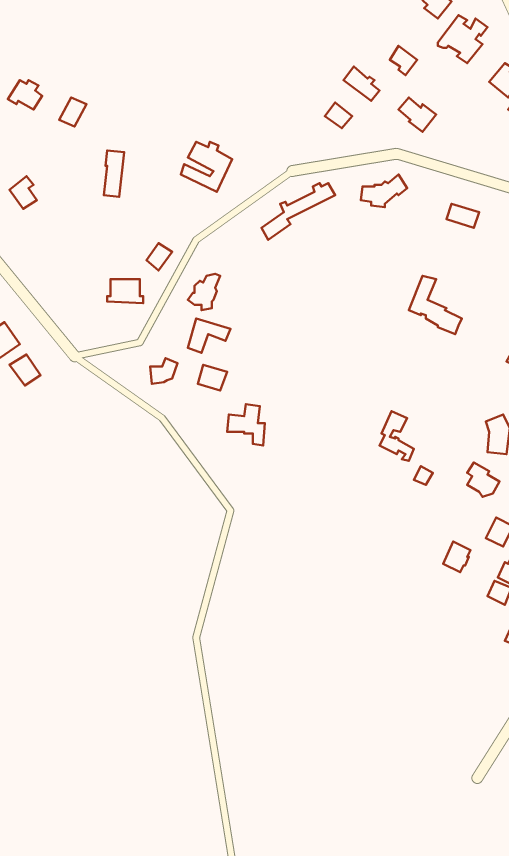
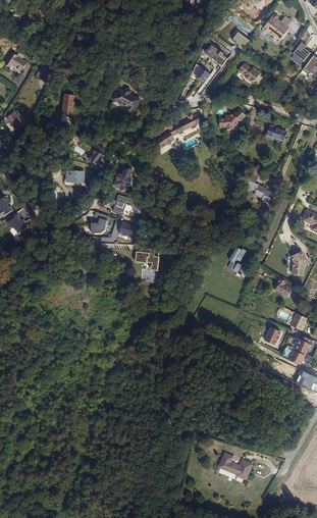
building: none -> [218,453,249,478]

